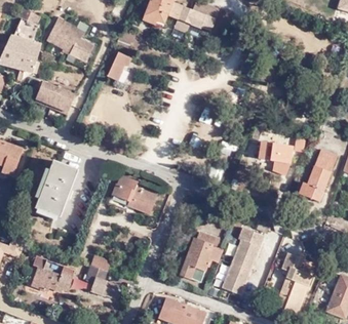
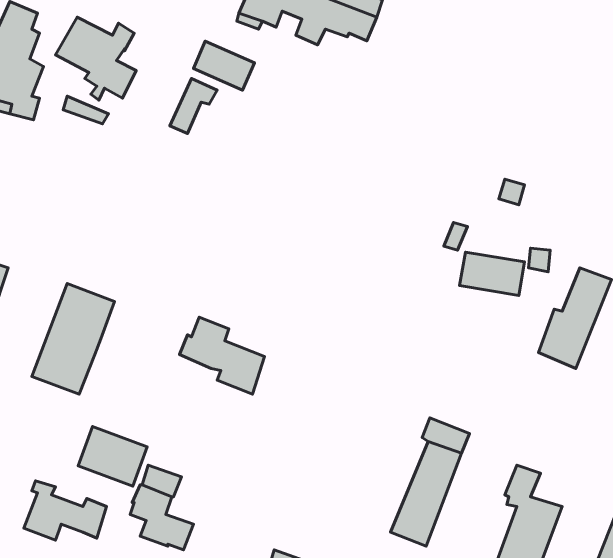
building: none -> [193,41,254,90]
building: [35,82,74,113] -> none
building: [178,231,223,282] -> none
building: none -> [78,426,147,486]

